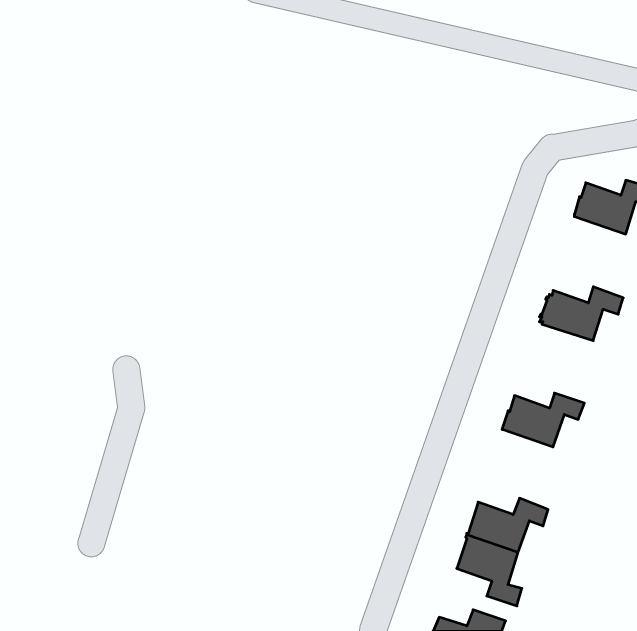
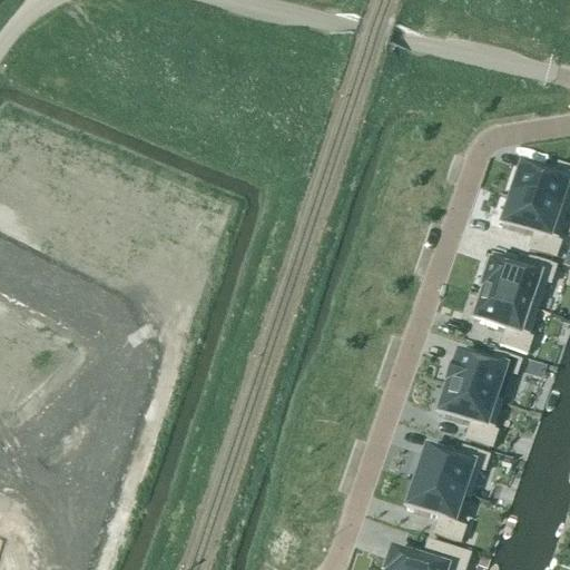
building: none -> [503,193,561,255]
building: none -> [474,288,533,351]
building: none -> [440,382,499,444]

